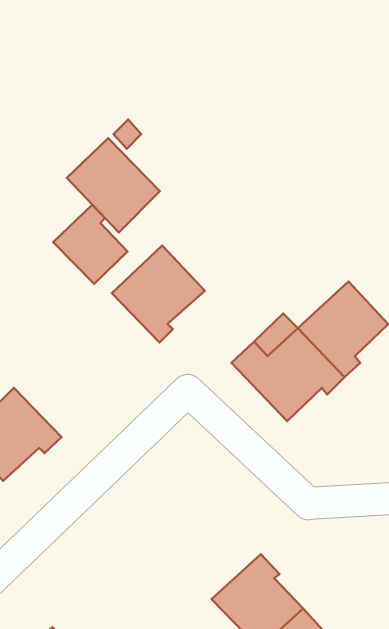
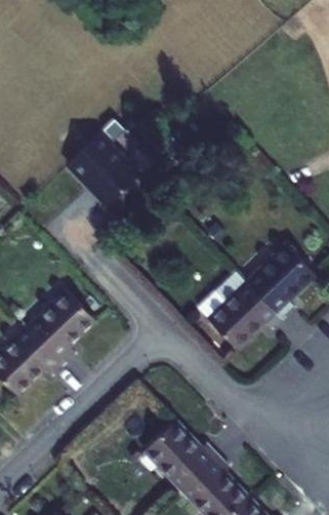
building: [53,205,127,284] -> none
building: [112,245,205,342] -> [26,288,97,363]
building: none -> [142,420,216,488]

